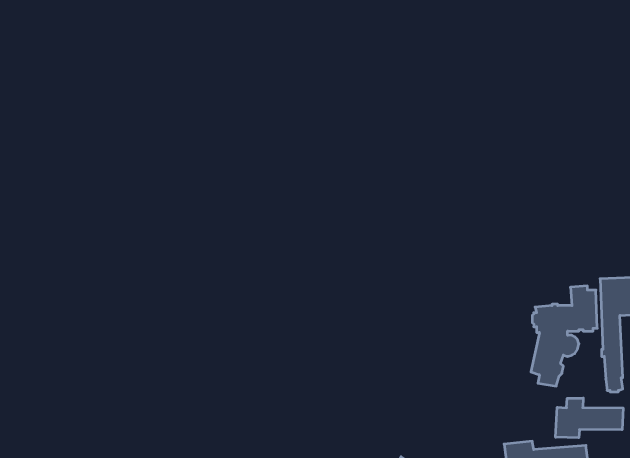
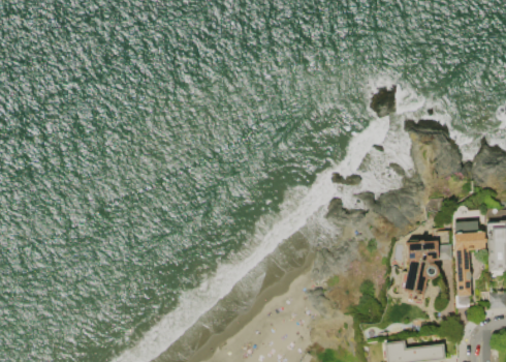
building: [556,398,623,438] -> none

